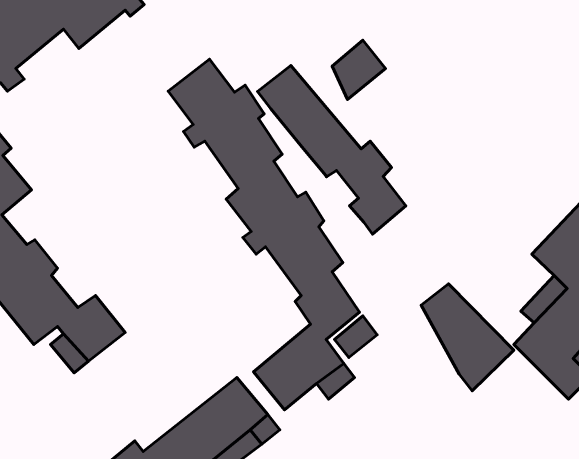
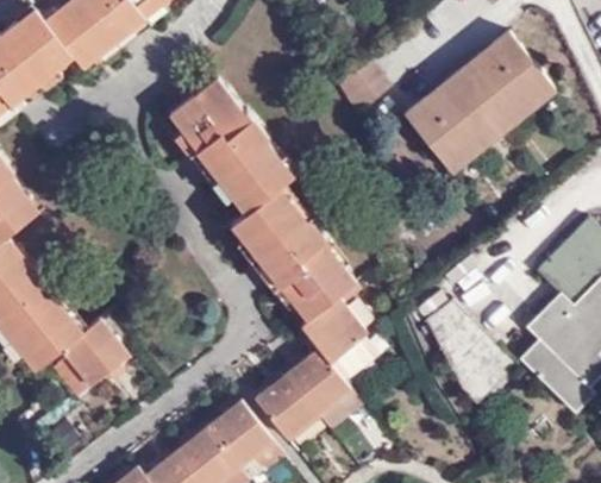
building: none -> [405,34,555,177]
building: [258,65,406,234] -> none

